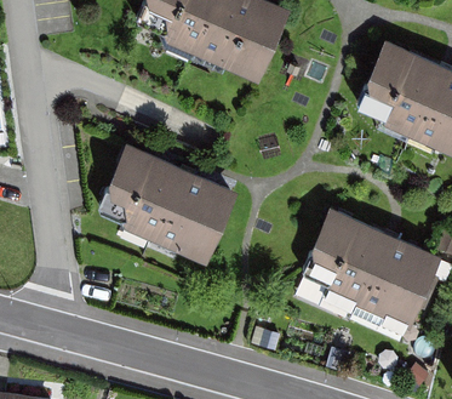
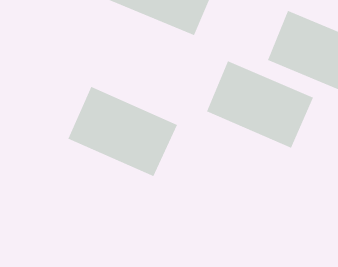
building: [302,211,442,326] -> [206,60,314,149]

